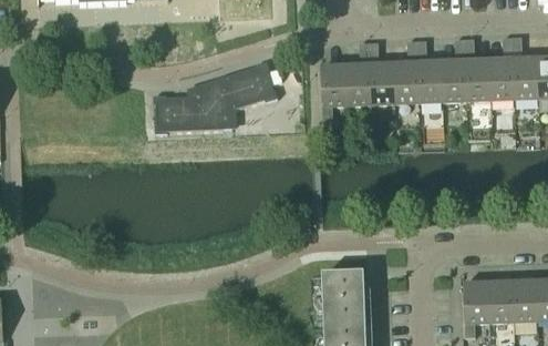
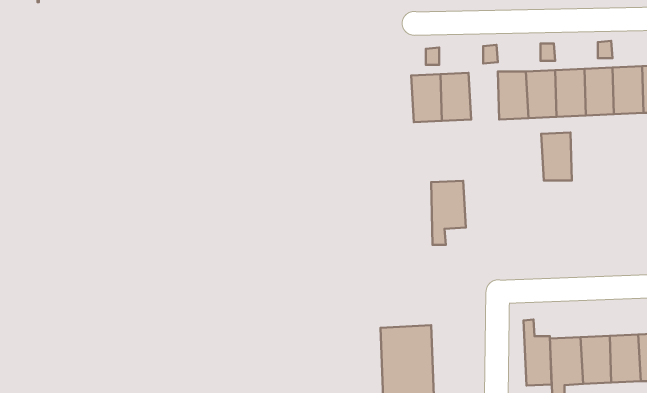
building: [395,62,421,102] -> [541,133,572,181]
building: [155,64,276,131] -> none
building: [321,65,350,119] -> [431,181,466,245]
building: none -> [524,320,551,386]

